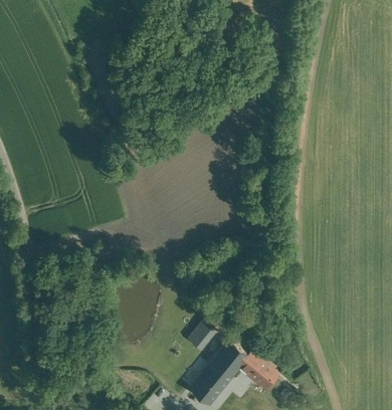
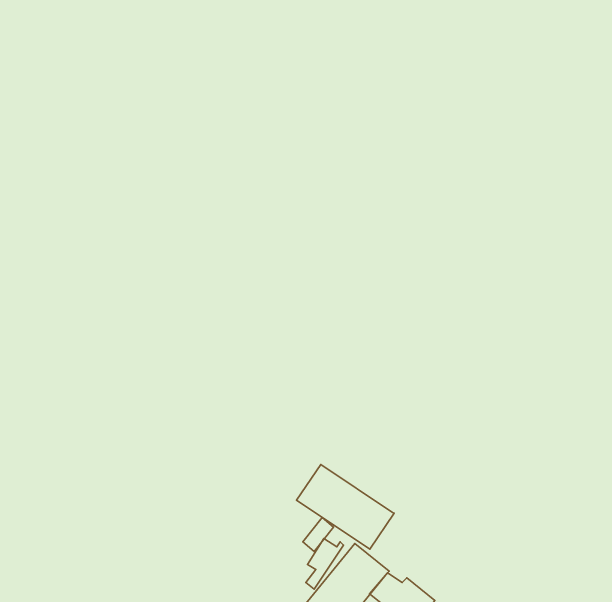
building: none -> [297,464,394,549]

